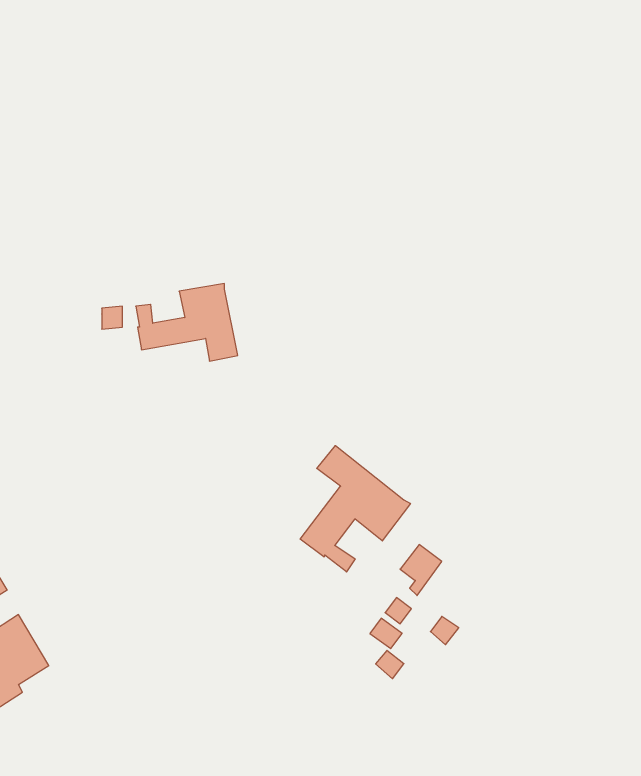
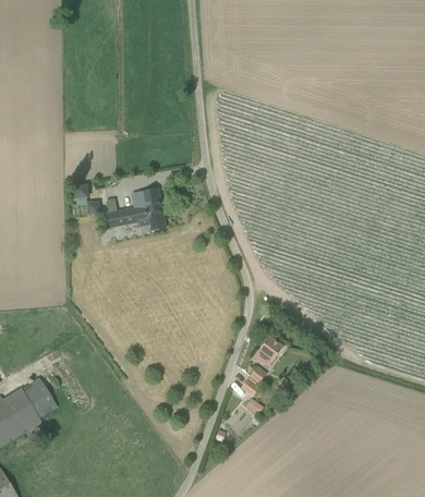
building: [300,446,410,572] -> none

